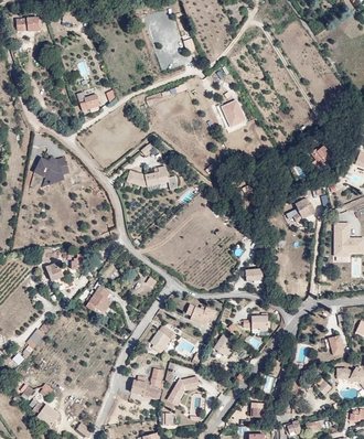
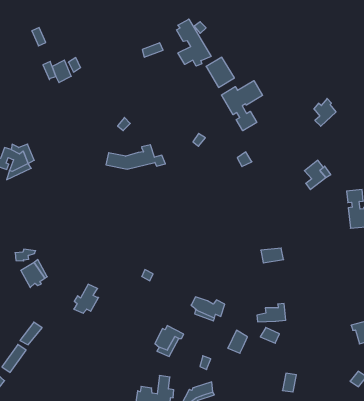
building: none -> [177,19,211,66]
building: none -> [221,81,263,131]

